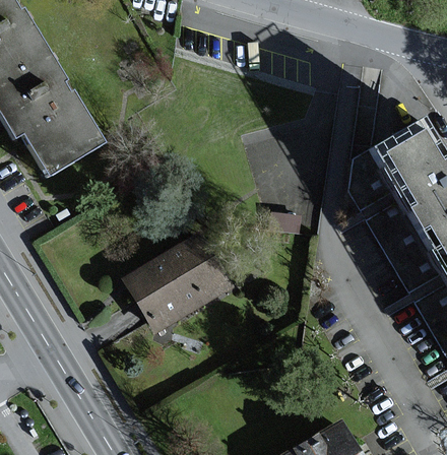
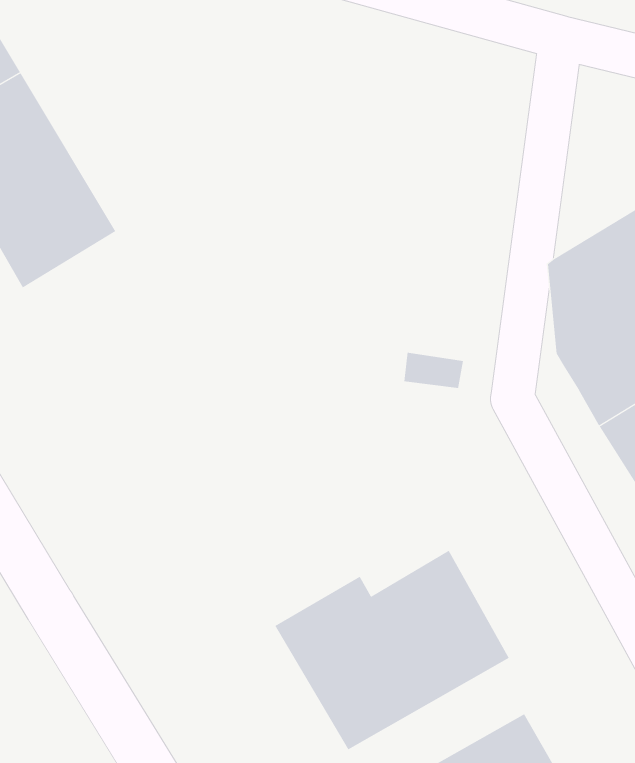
building: [129,239,231,330] -> none
building: none -> [274,550,509,750]

